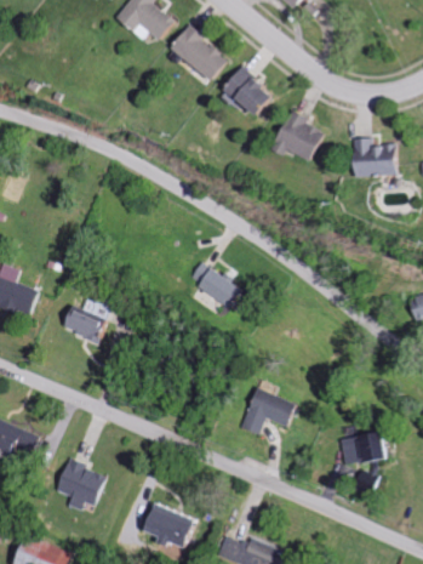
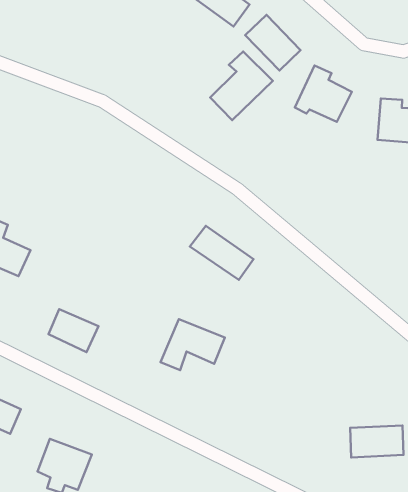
building: none -> [210,52,273,120]
building: [64,306,109,343] -> [49,309,98,352]
building: [240,388,297,434] -> [161,319,225,370]

